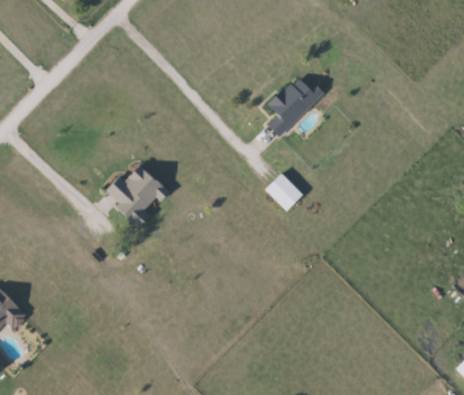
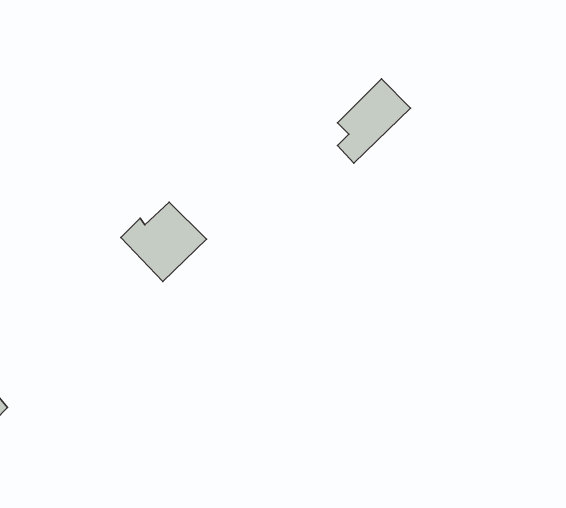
building: [267,173,303,209] -> none

